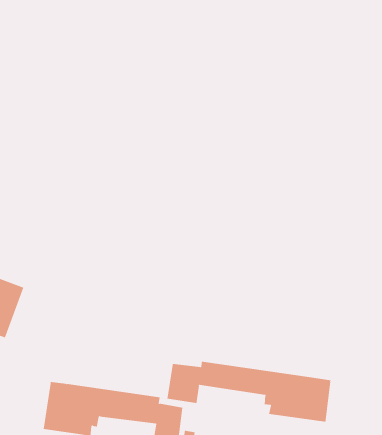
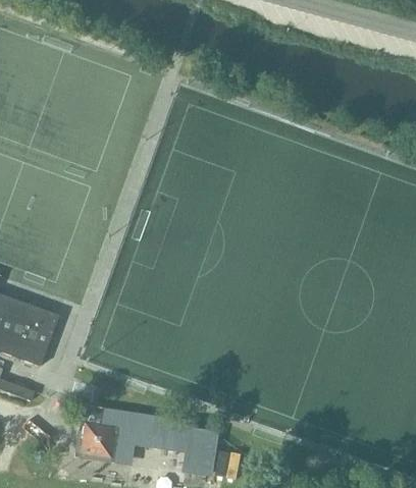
building: [167,361,331,422] -> none

